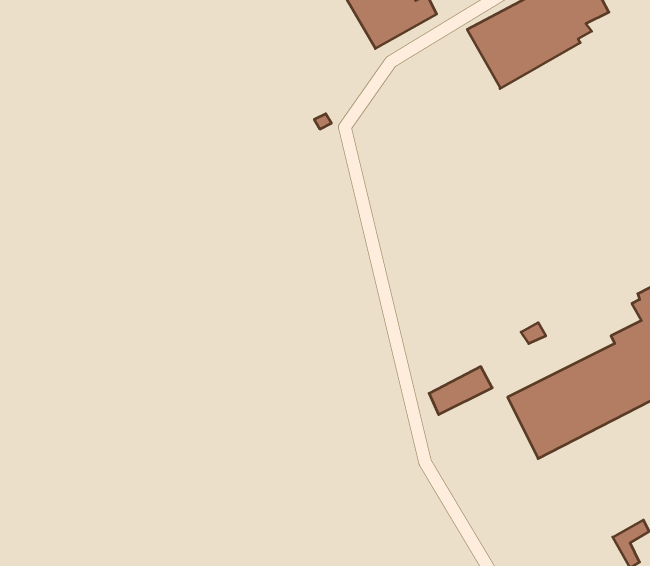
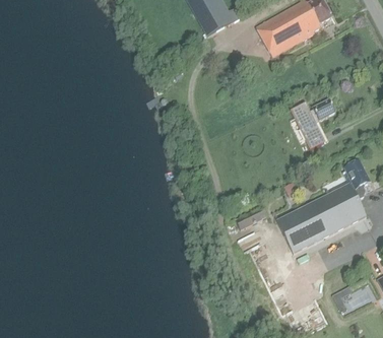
building: none -> [291,98,336,148]

